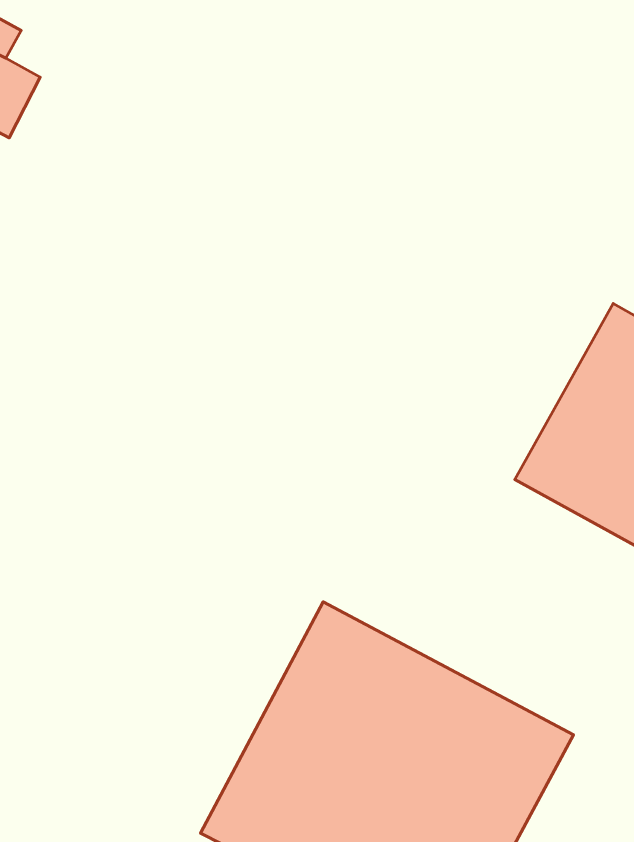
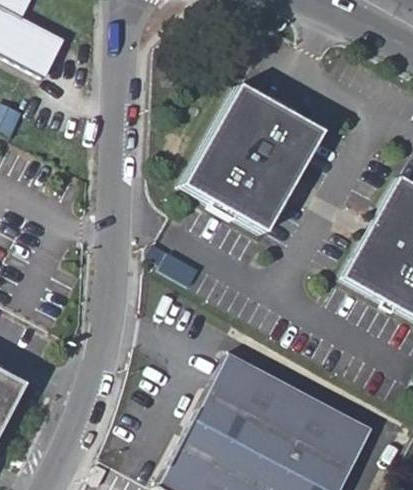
building: none -> [179,88,319,236]

